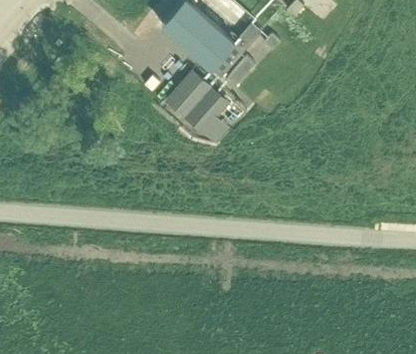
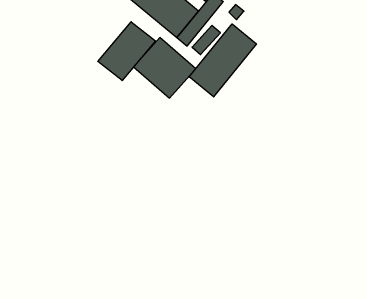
building: none -> [98,22,155,81]
building: none -> [189,24,256,97]

